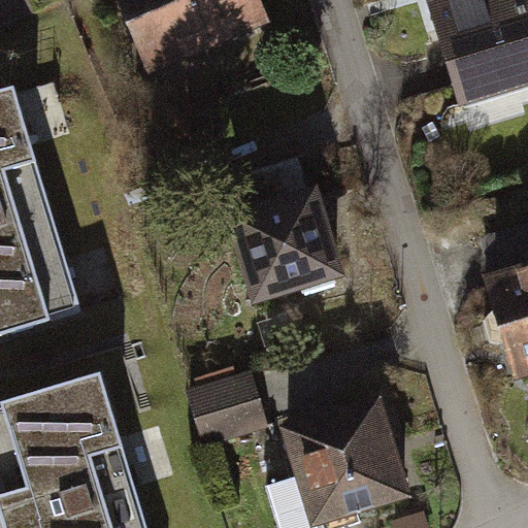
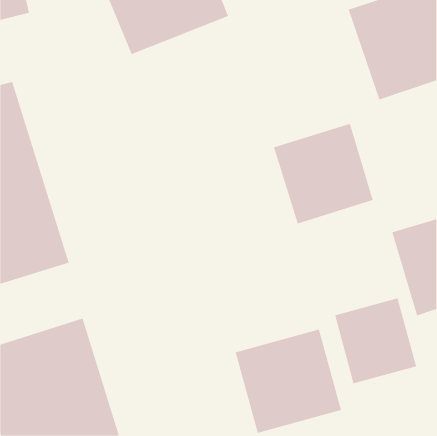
building: [220,187,340,308] -> [273,123,373,224]
building: none -> [334,297,417,384]
building: [198,362,269,430] -> none

